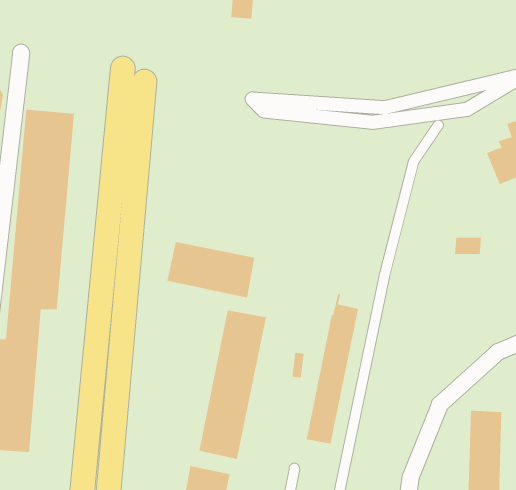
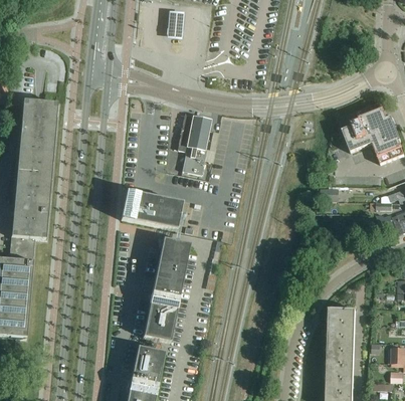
building: none -> [177,114,210,174]
building: [306,293,359,444] -> none

